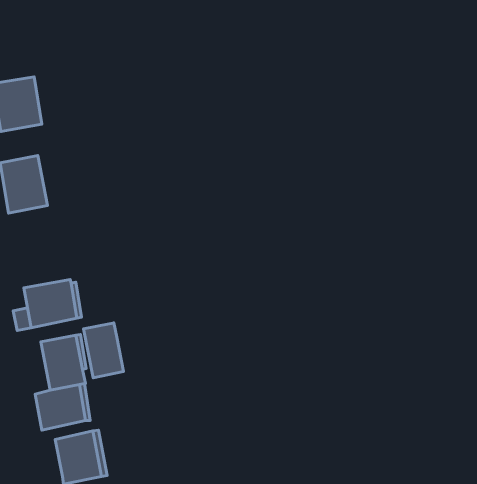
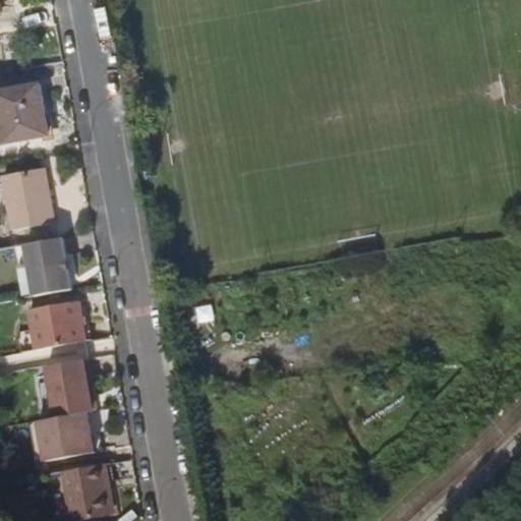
building: none -> [22,236,68,295]
building: [83,323,124,378] -> none

